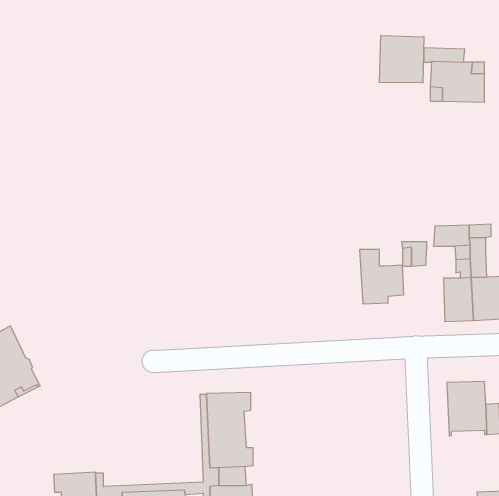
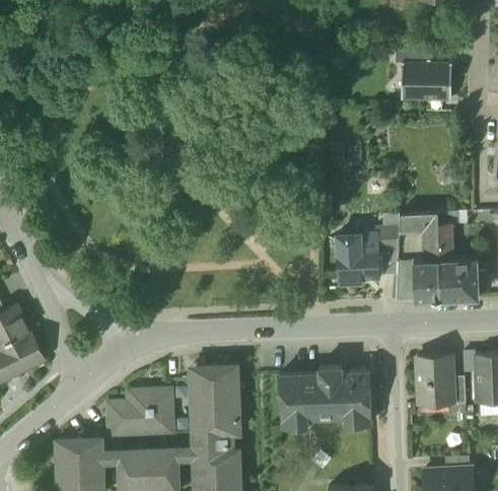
building: [379,35,424,83] -> none
building: none -> [396,261,415,301]
building: none -> [280,366,371,427]
building: none -> [109,390,172,434]

